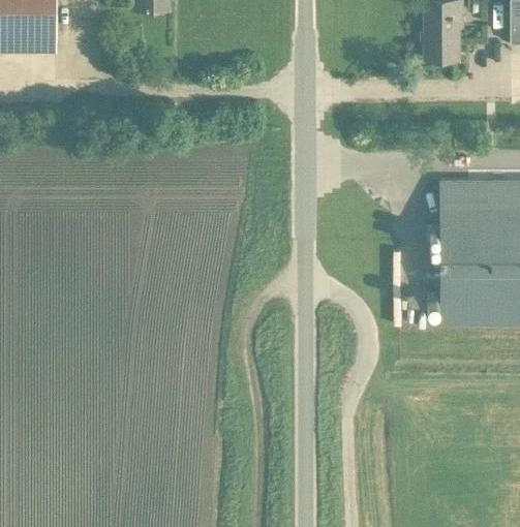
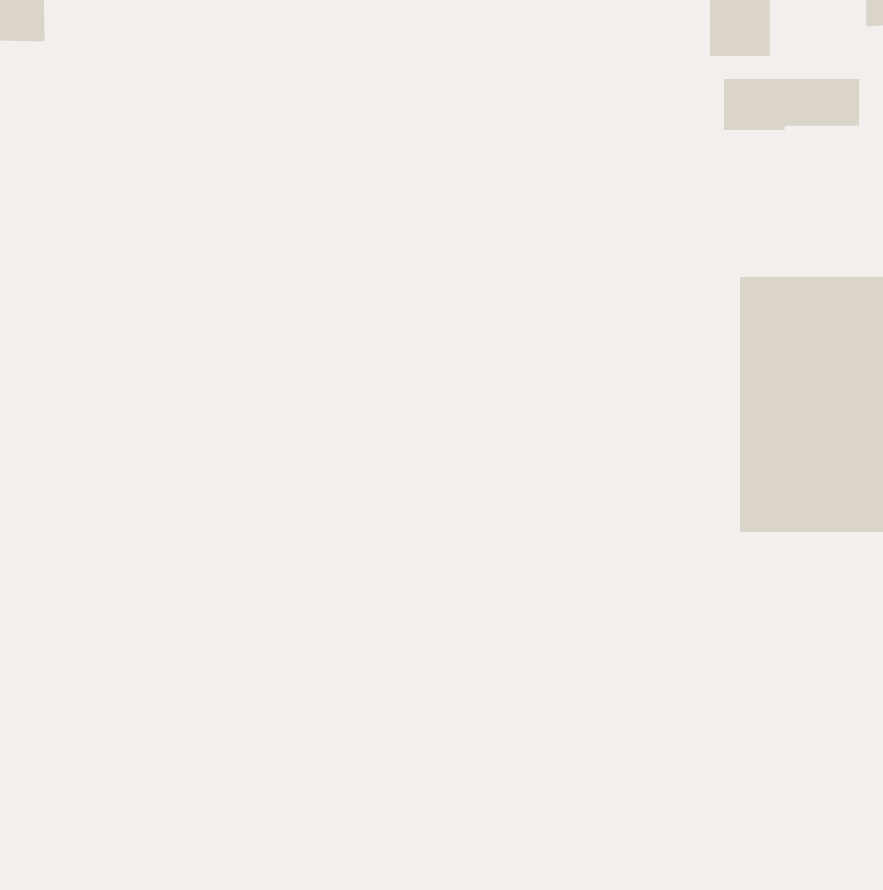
building: none -> [723,78,860,131]

